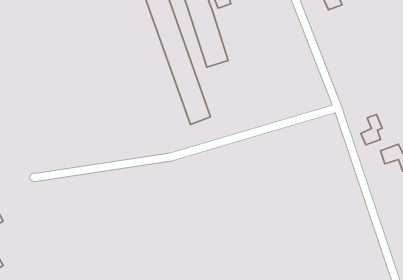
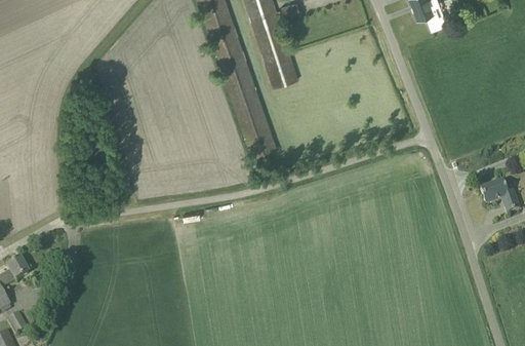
building: [361,114,382,145] -> none

